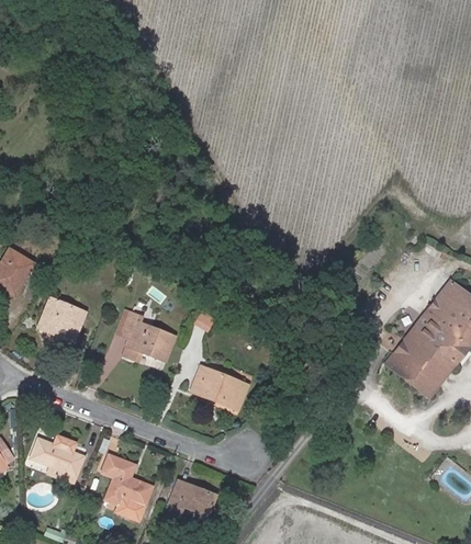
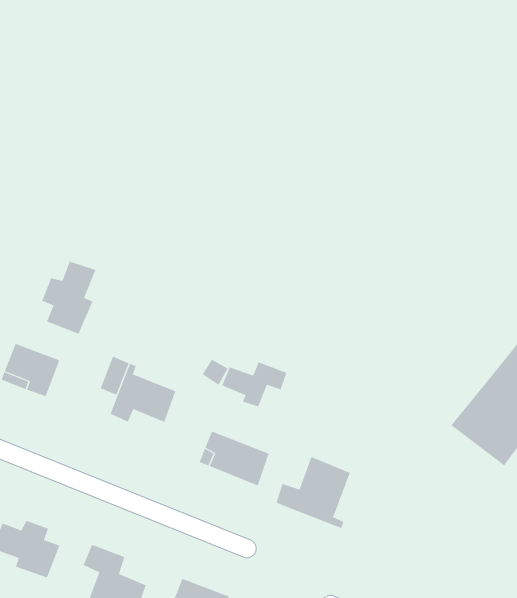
building: none -> [42,261,96,334]
building: none -> [221,361,287,407]
building: none -> [276,456,350,529]

